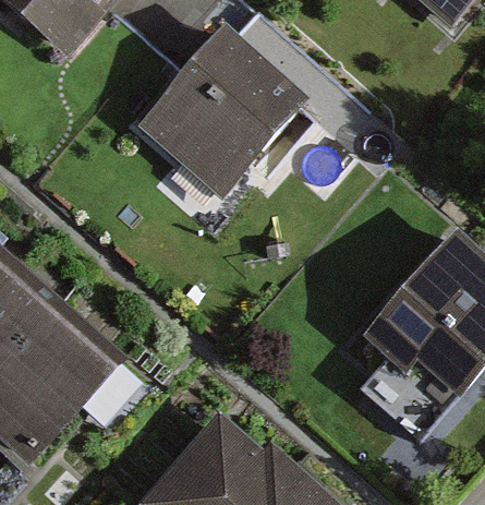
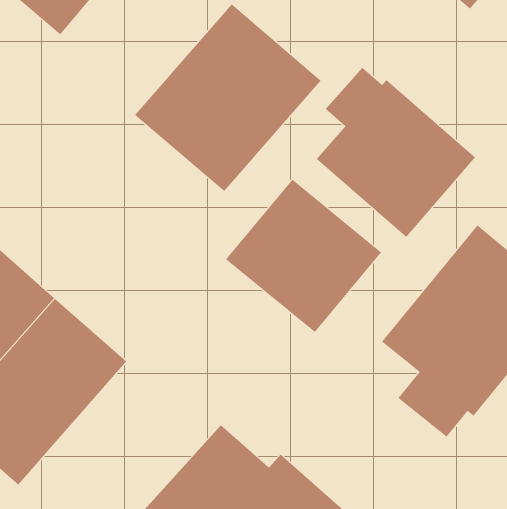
building: none -> [316,67,476,238]
building: none -> [225,179,382,333]

